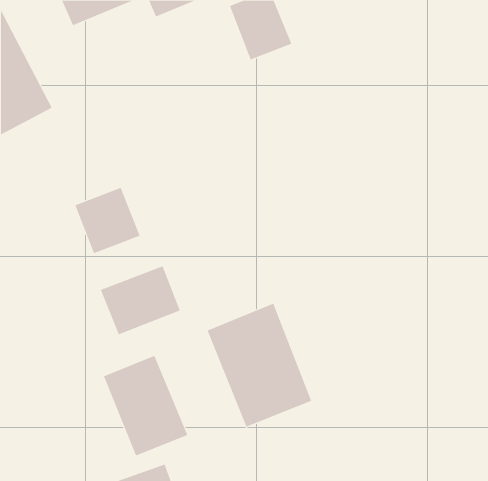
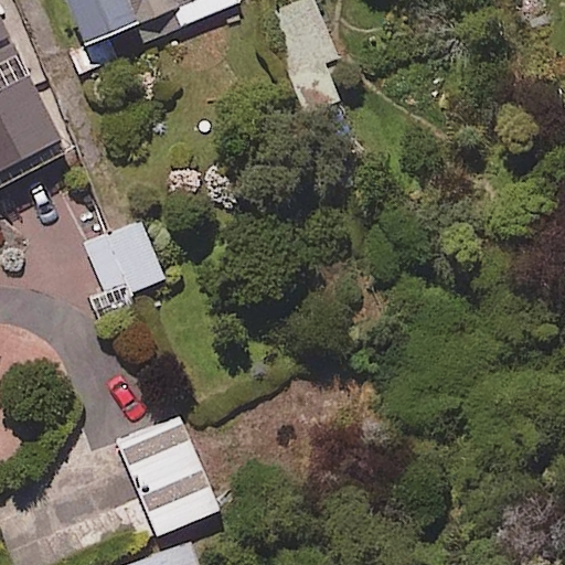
building: [100,266,180,335] -> none
building: [207,303,312,427] -> none

